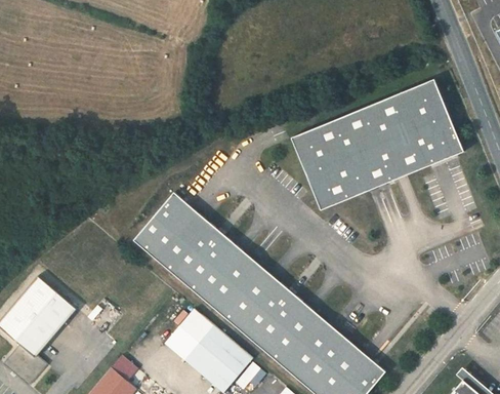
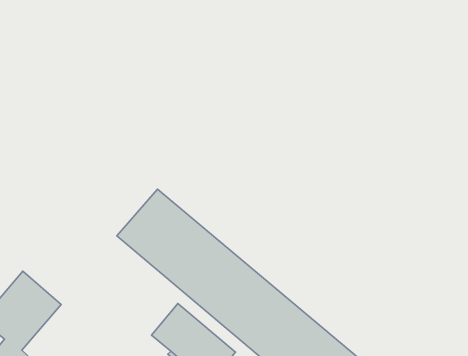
building: [292,79,464,210] -> none

